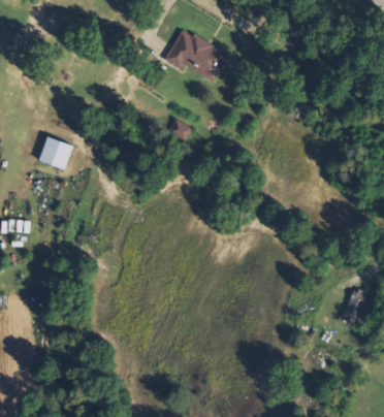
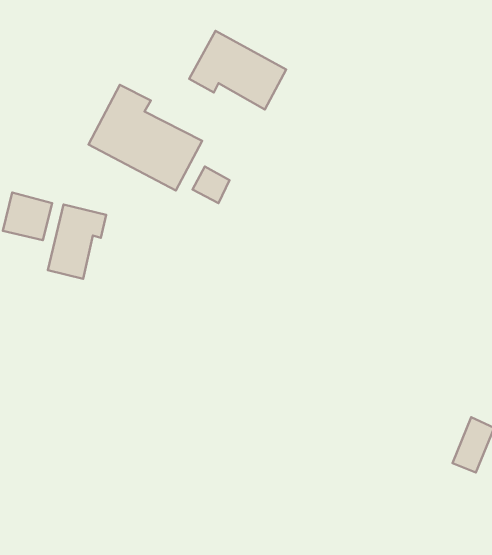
building: none -> [89,85,202,191]
building: none -> [48,205,106,279]

